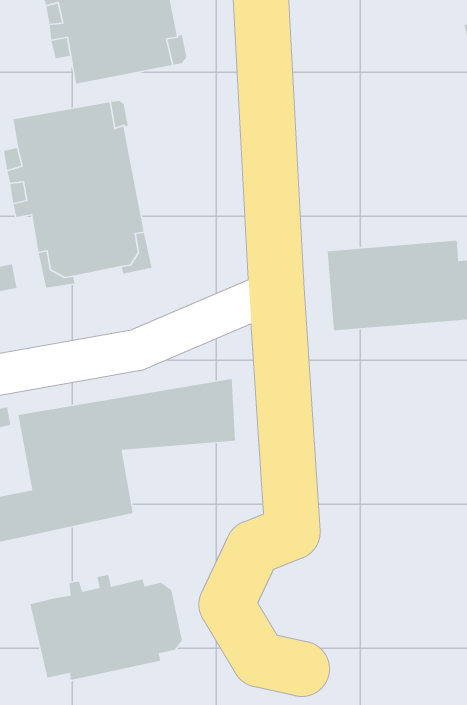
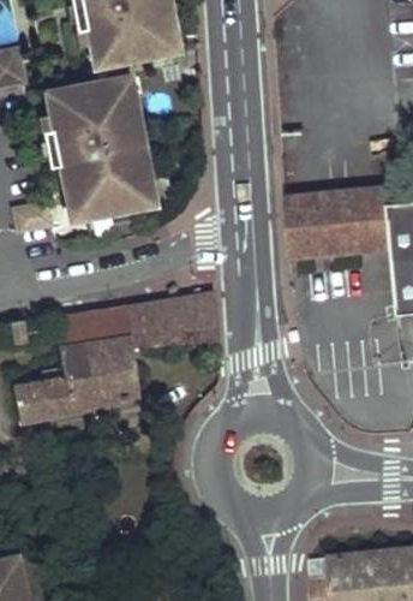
building: [29,574,183,681] -> none

